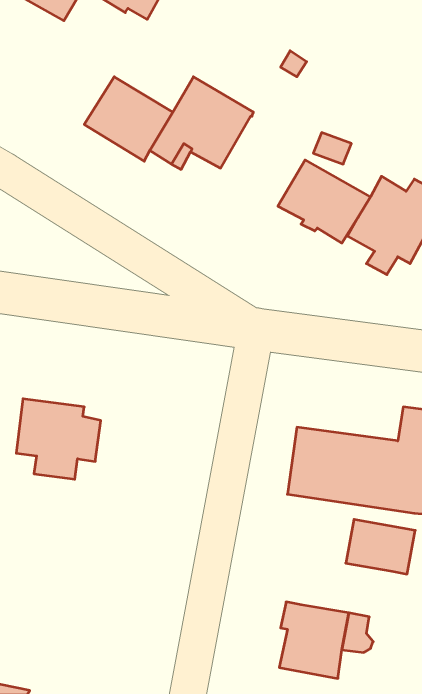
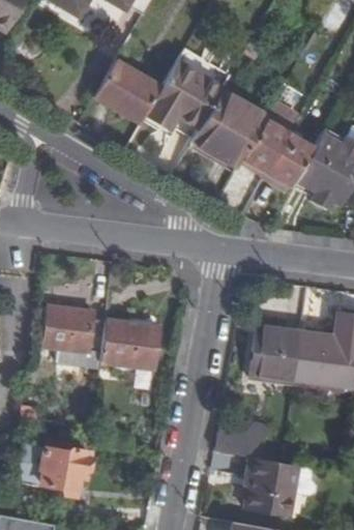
building: none -> [193,90,267,167]
building: none -> [102,319,159,369]
building: [346,519,415,574] -> [213,419,266,461]
building: none -> [40,446,88,494]

